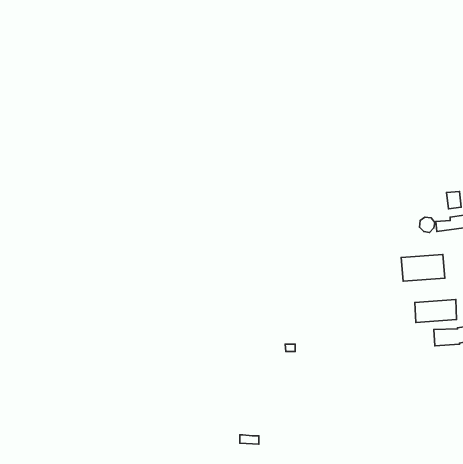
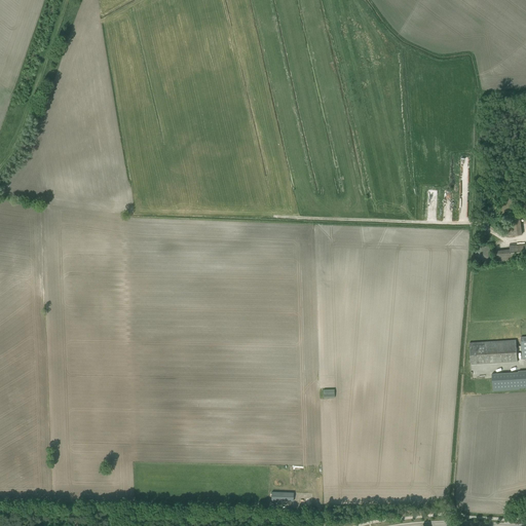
building: [401,255,445,281] -> none

